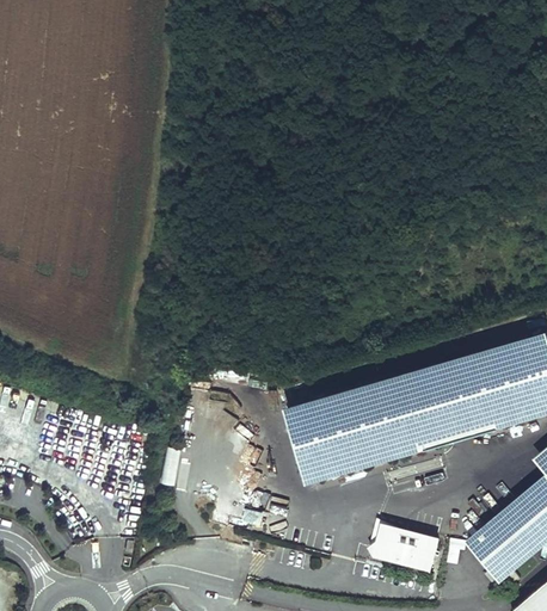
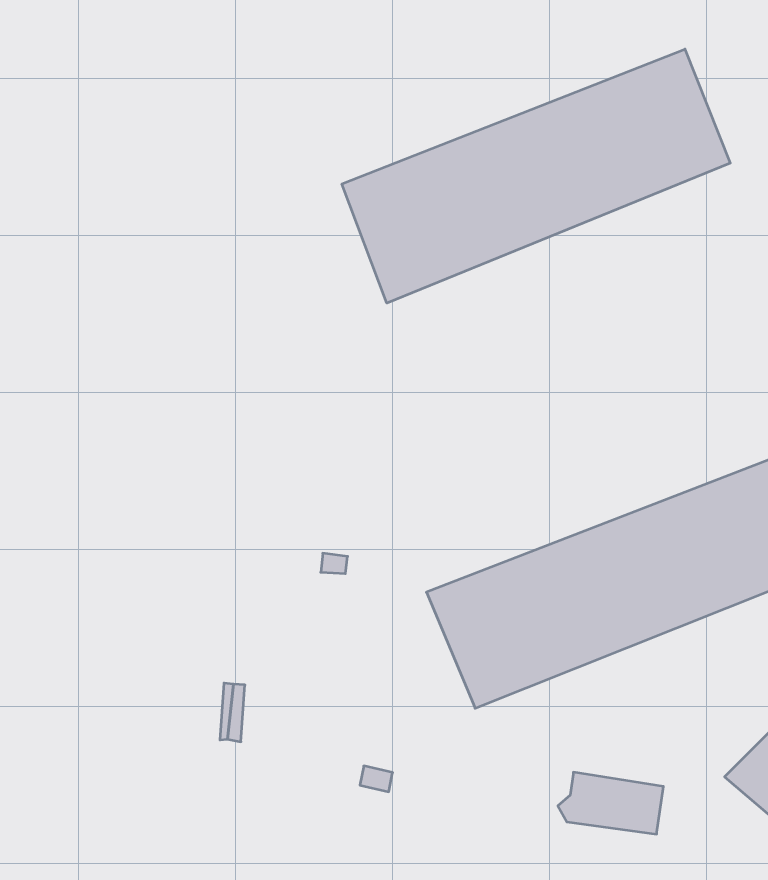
building: none -> [342,49,730,303]

